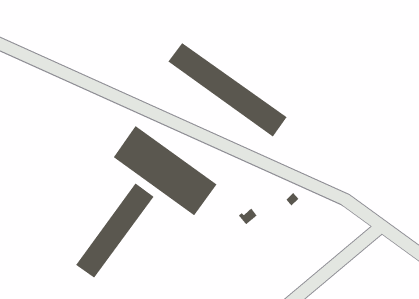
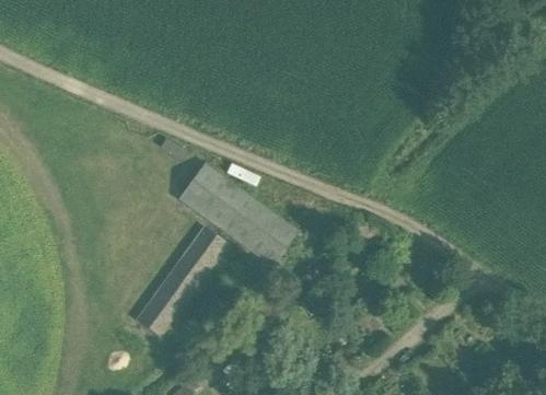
building: [167,42,287,138] -> none

